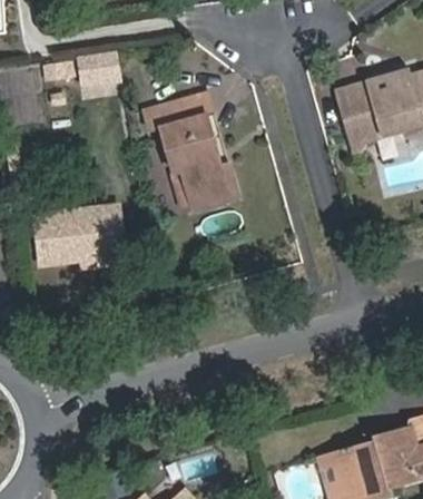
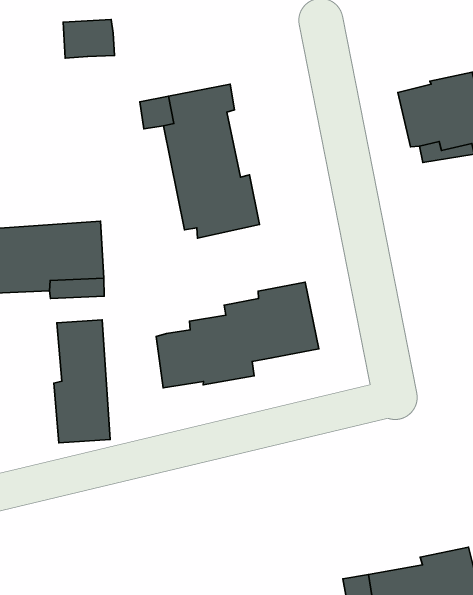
building: none -> [156,282,319,388]
building: none -> [54,320,110,443]

